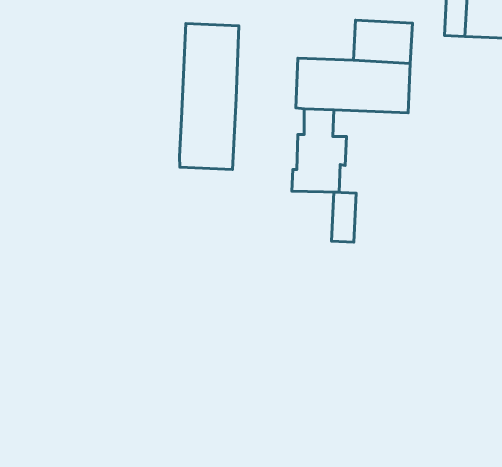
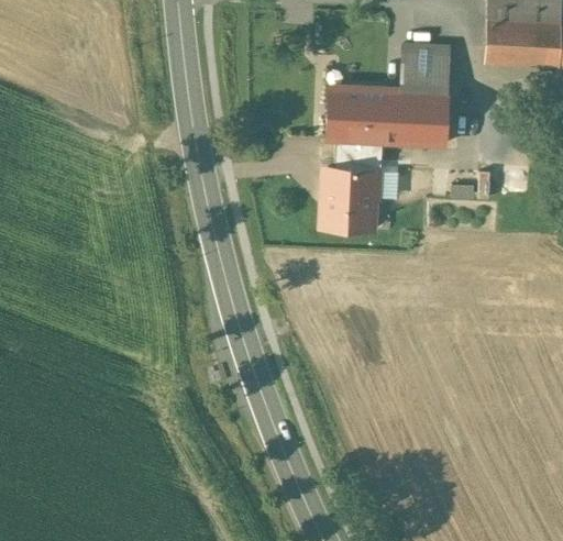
building: [180,24,239,170] -> none
building: [332,192,356,242] -> none

